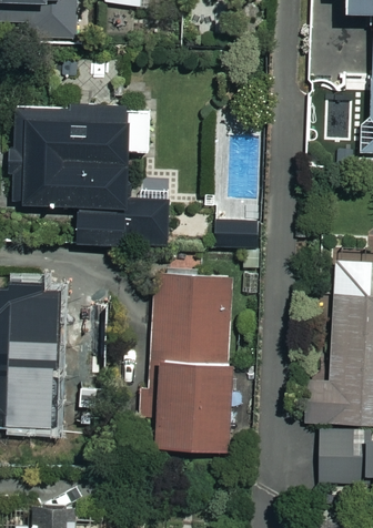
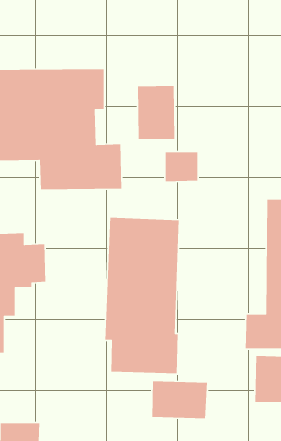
building: none -> [137,85,175,140]
building: none -> [151,380,208,419]

